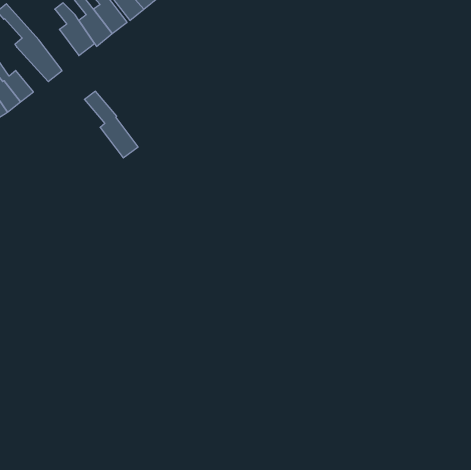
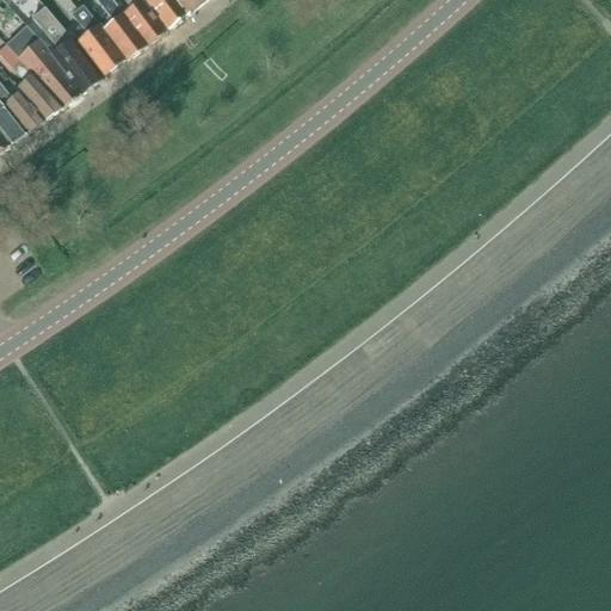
building: none -> [13,61,62,118]
building: [84,91,138,158] -> [30,5,99,91]

